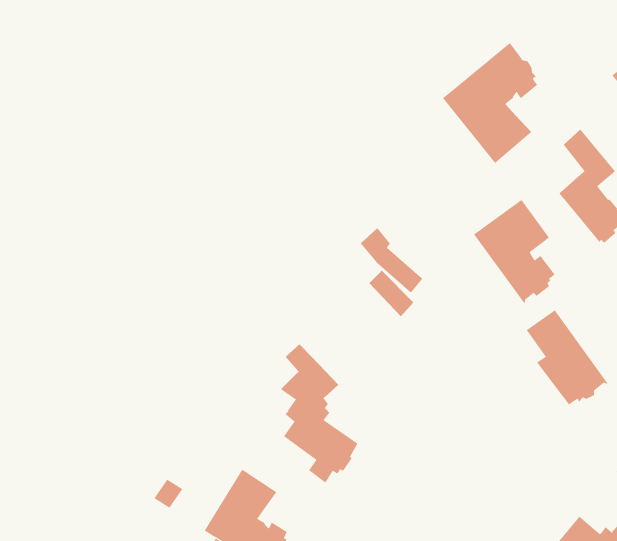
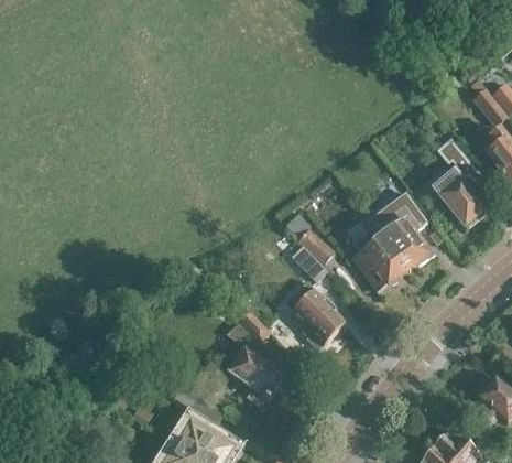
building: [442,42,538,164] -> none
building: [526,310,610,405] -> [346,215,408,287]
building: none -> [292,283,341,347]

